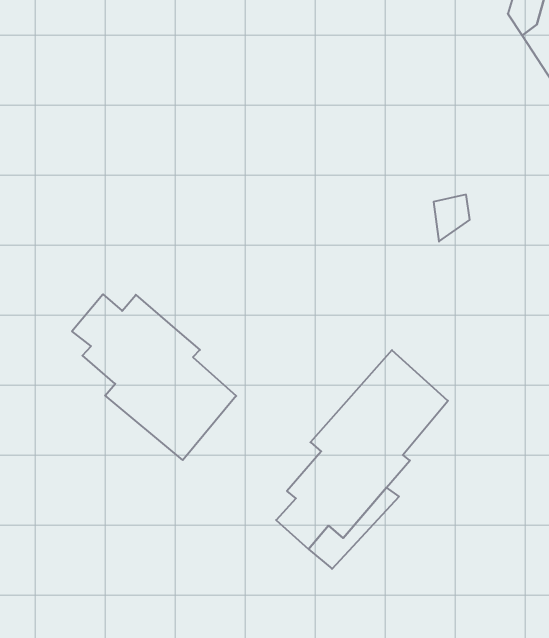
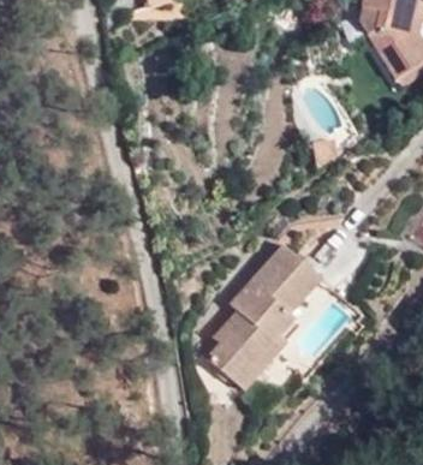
building: [72,294,236,460] -> none

